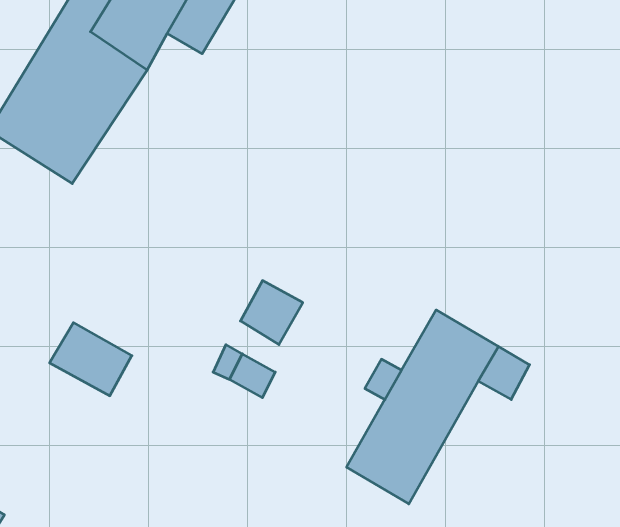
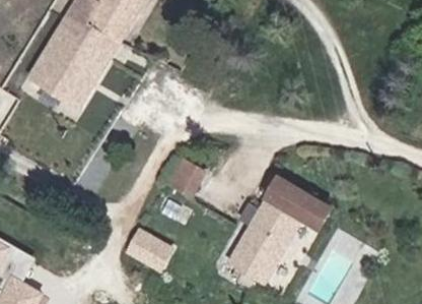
building: [50,323,132,396] -> [124,230,169,270]

